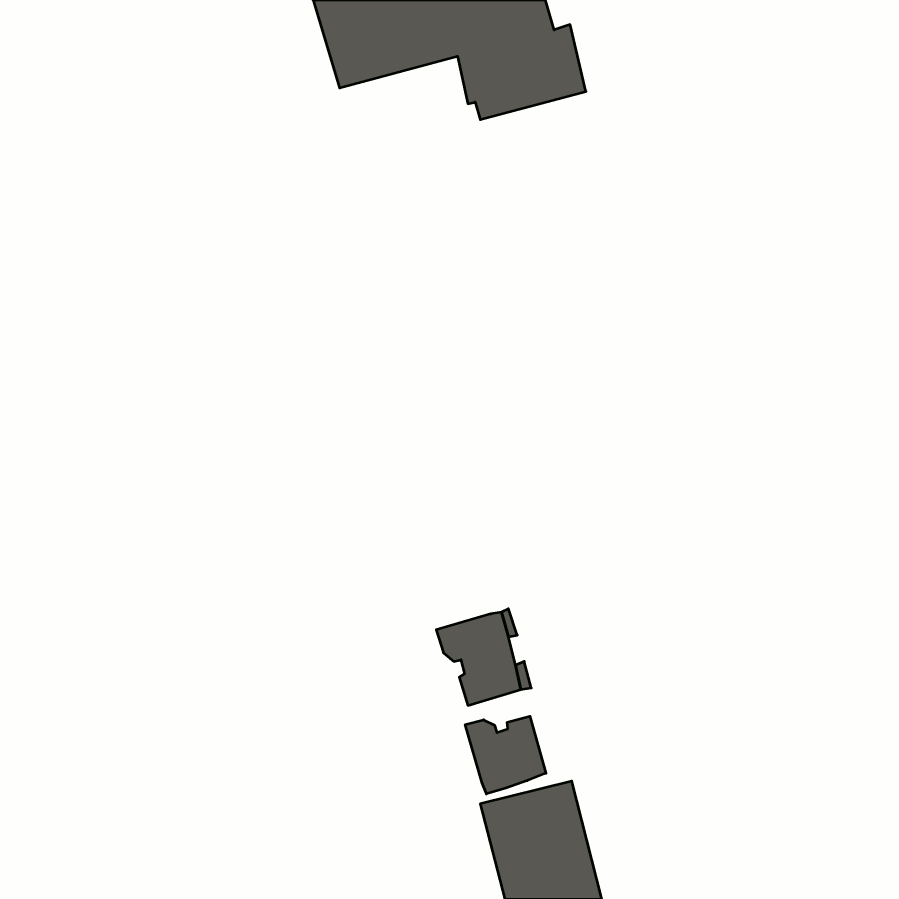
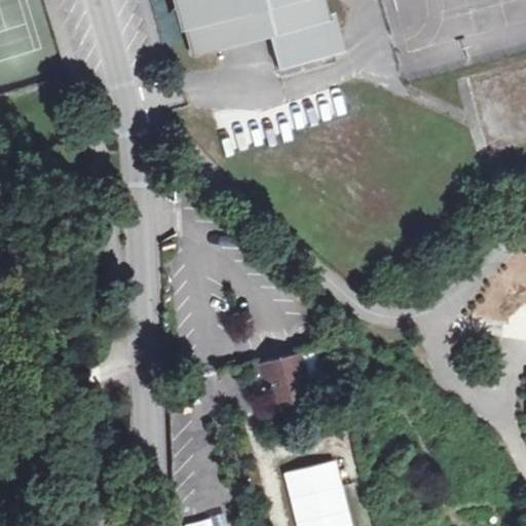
building: [465,716,546,794] -> none

